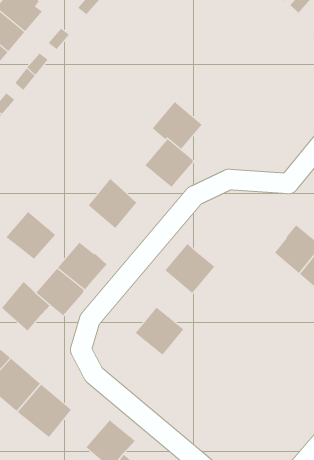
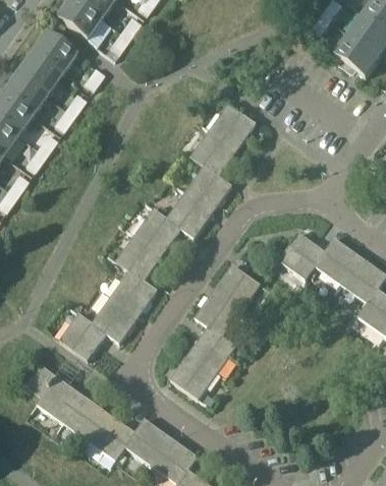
building: none -> [209,103,257,149]
building: none -> [167,192,213,238]
building: [5,211,56,260] -> [115,235,163,281]
building: none -> [279,232,326,280]
building: none -> [195,291,241,337]
building: none -> [171,353,218,399]
building: none -> [125,418,172,466]

